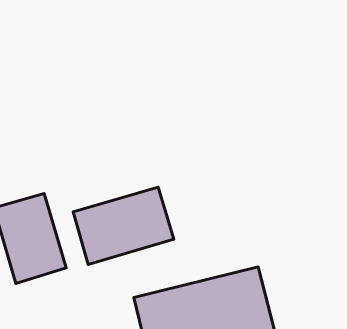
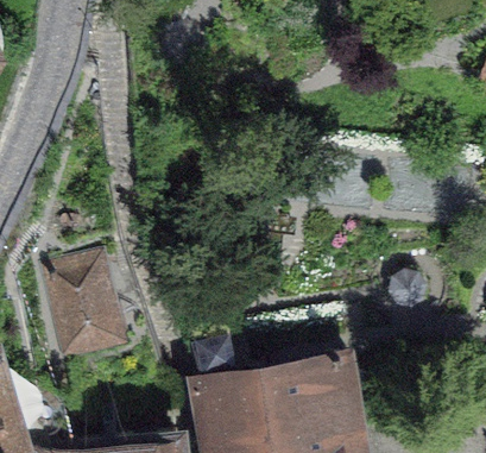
building: [73,187,174,265] -> none

